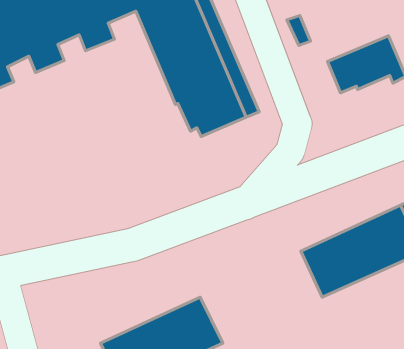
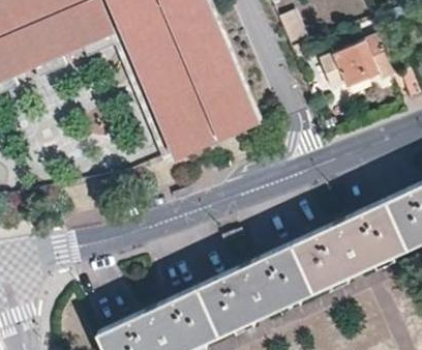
building: none -> [108,12,201,156]
building: none -> [197,244,314,333]

